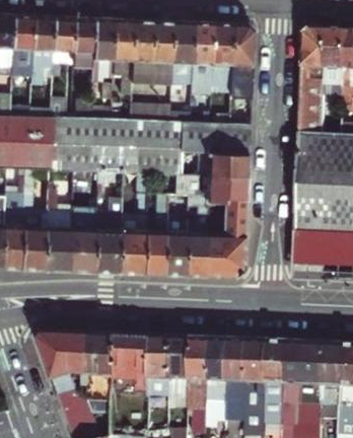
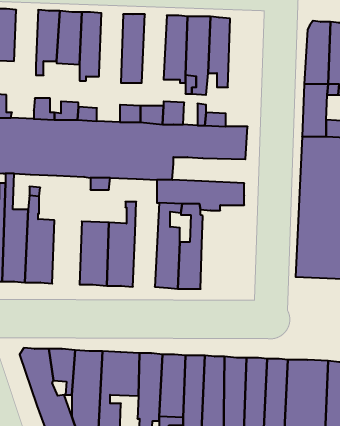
building: [31,17,55,86] -> none
building: [112,20,134,96] -> none
building: [151,21,174,86] -> none
building: [230,25,254,100] -> none
building: [207,155,248,178] -> none
building: [143,196,167,275] -> none
building: [206,199,246,278] -> none
building: [68,208,95,273] -> none

